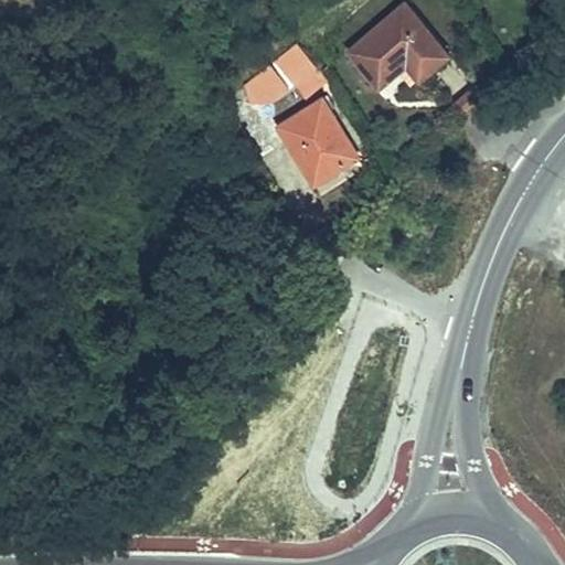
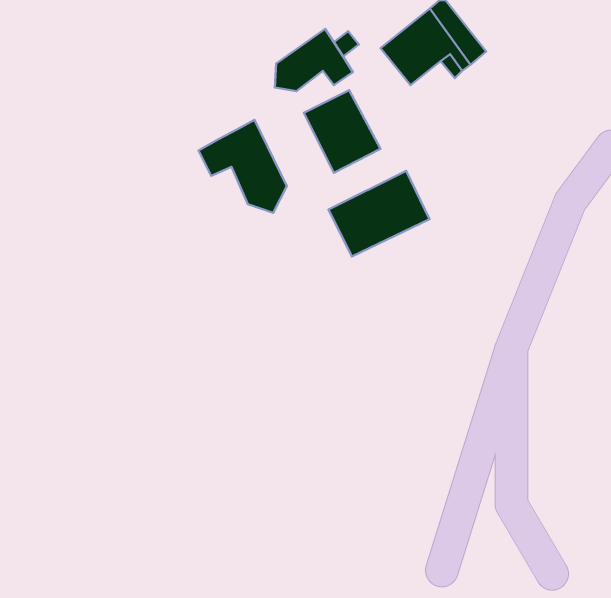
building: none -> [198,120,287,213]
building: none -> [328,171,430,256]

